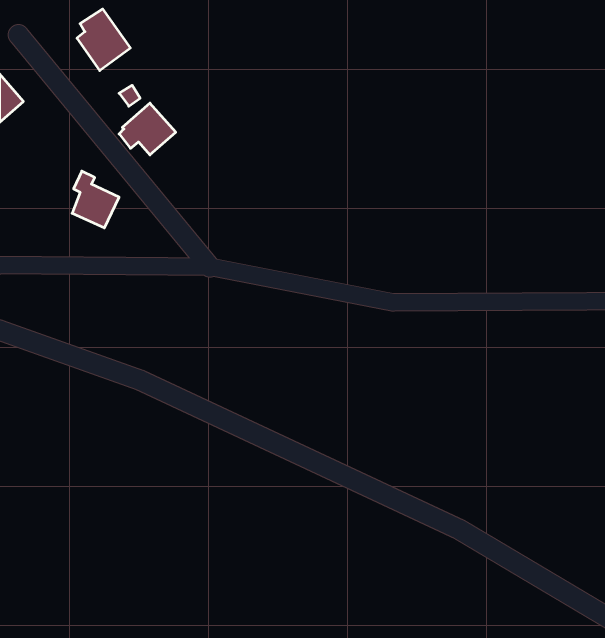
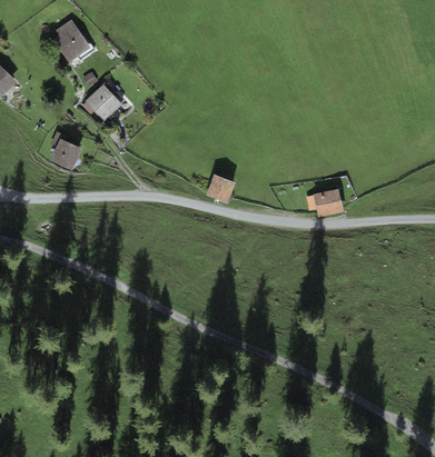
building: none -> [206,175,236,203]
building: none -> [306,189,344,217]

